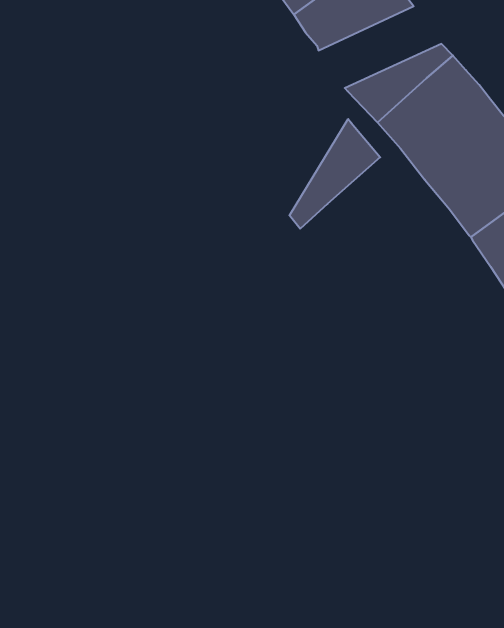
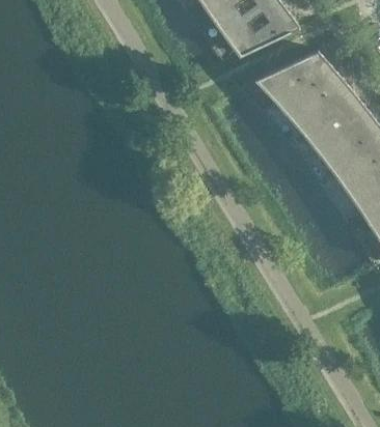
building: [289,119,380,229] -> none

